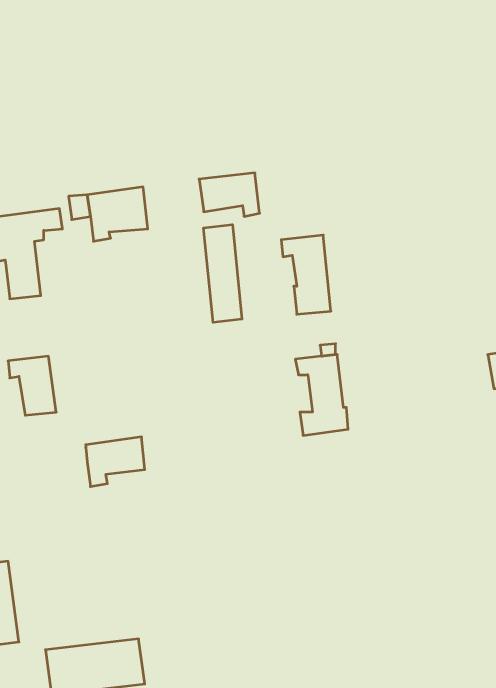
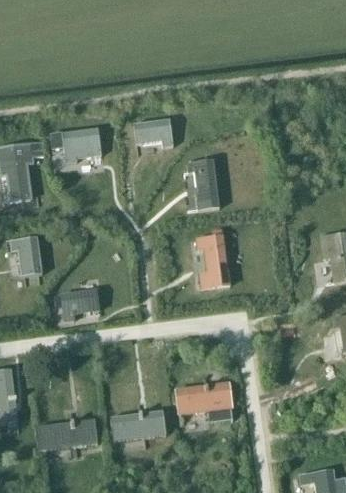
building: [204,225,242,322] -> none
building: none -> [176,384,233,422]
building: none -> [110,410,166,441]

